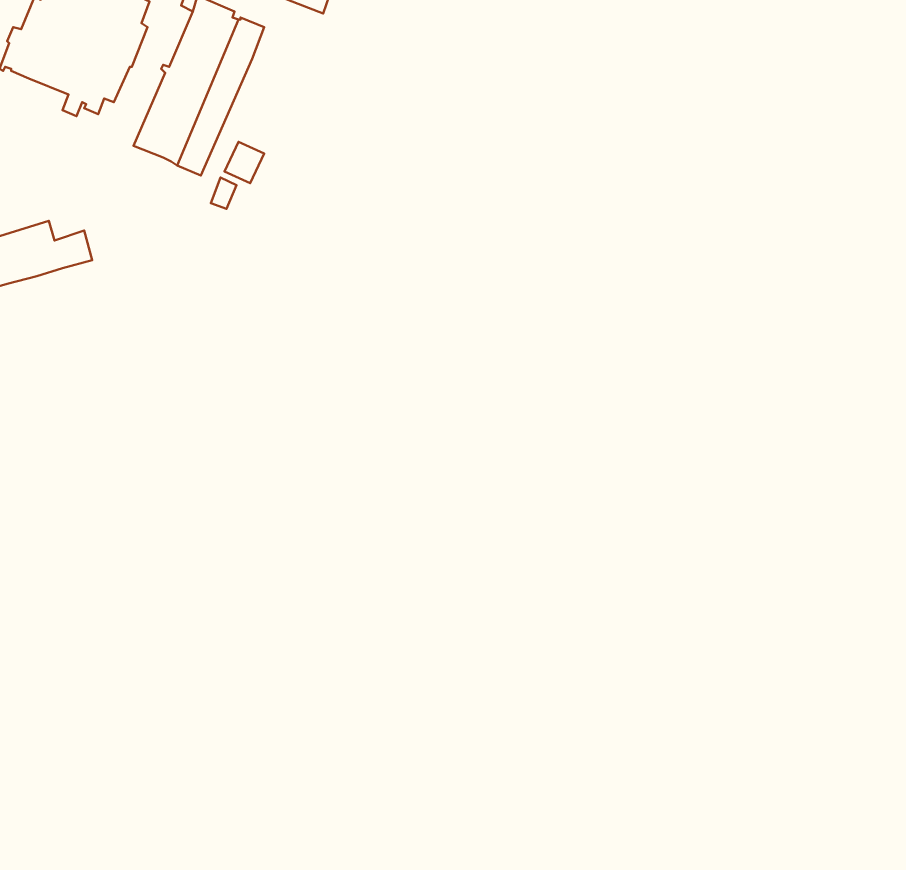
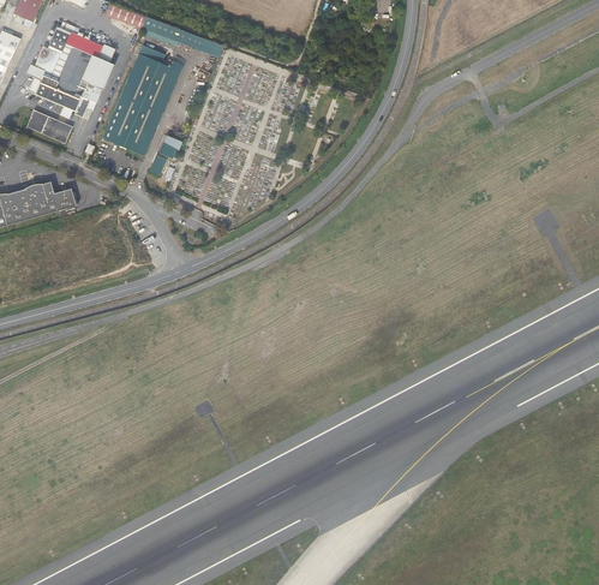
building: none -> [26,109,71,142]

